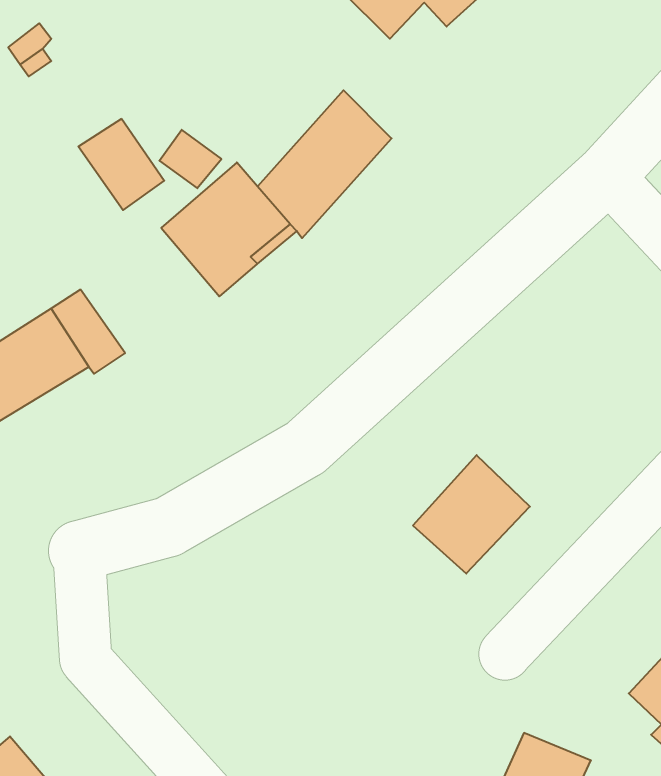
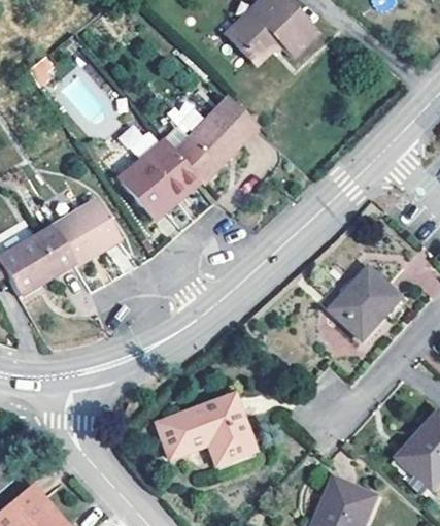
building: [78,119,164,210] -> [70,198,122,253]
building: [413,455,530,574] -> [331,267,401,338]
building: none -> [156,394,251,464]

